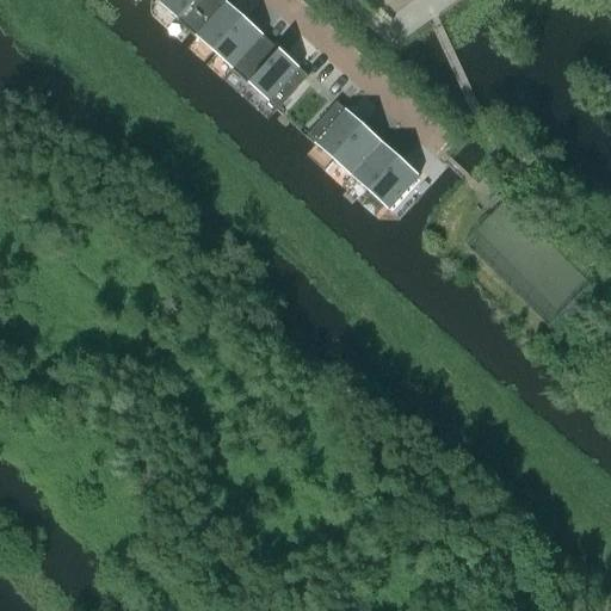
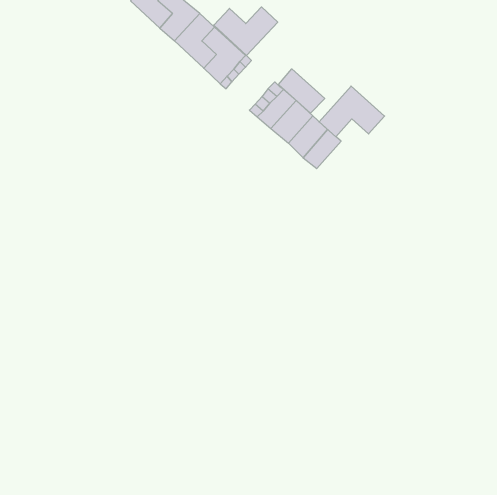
building: none -> [214,7,278,56]
building: none -> [279,69,325,113]
building: none -> [319,86,385,137]

